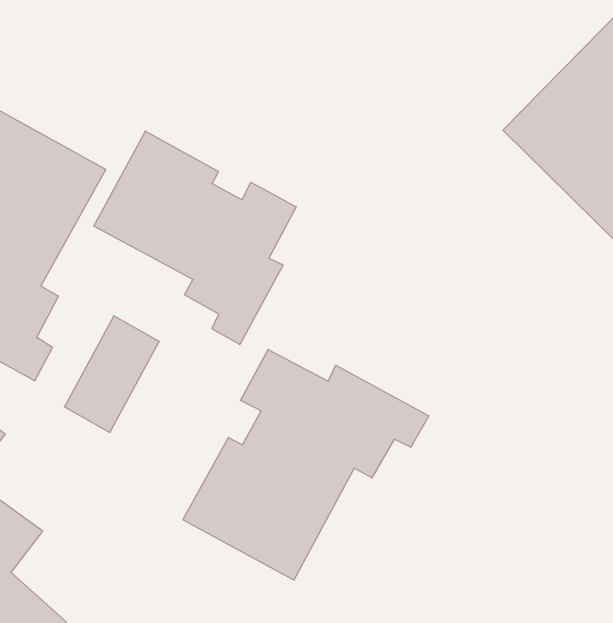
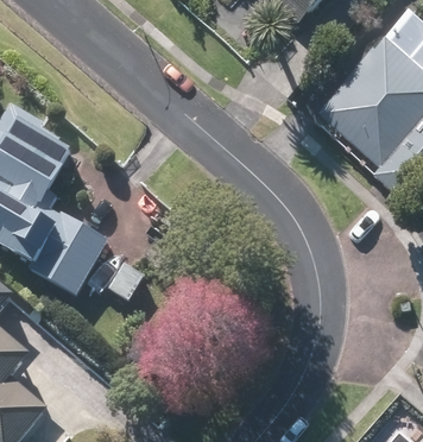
building: [94,131,296,345] -> none
building: [183,349,429,580] -> none

